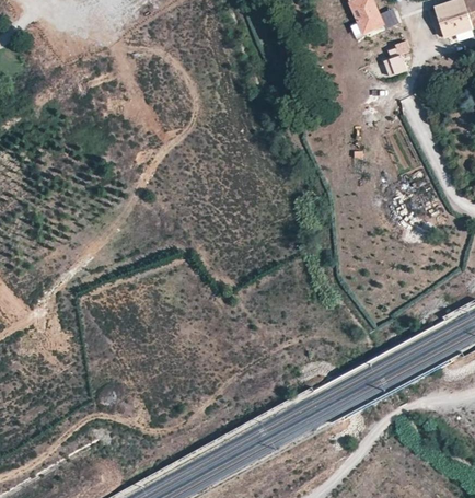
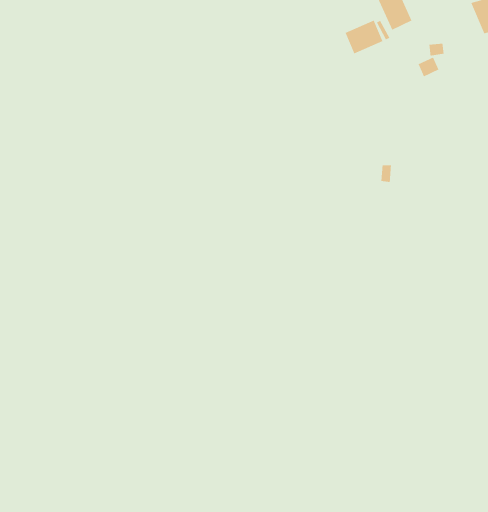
building: none -> [344,19,384,55]

